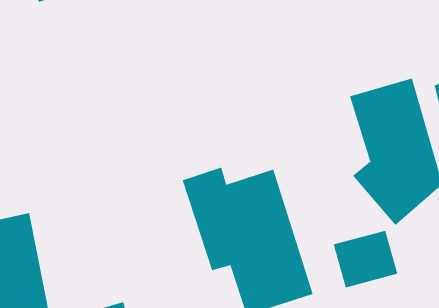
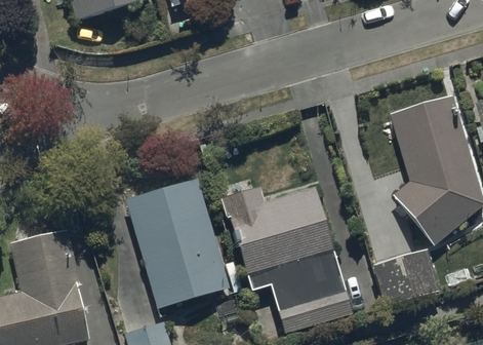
building: none -> [126,179,232,309]

